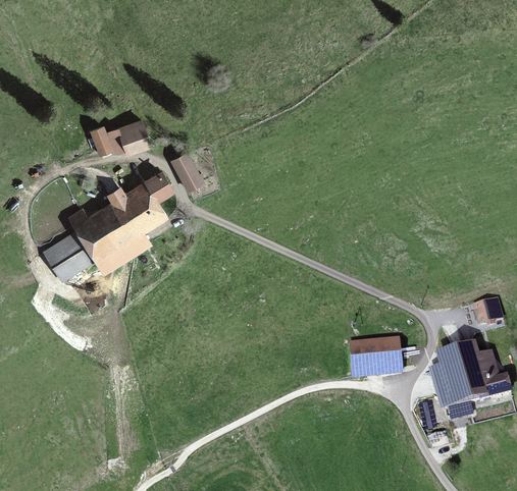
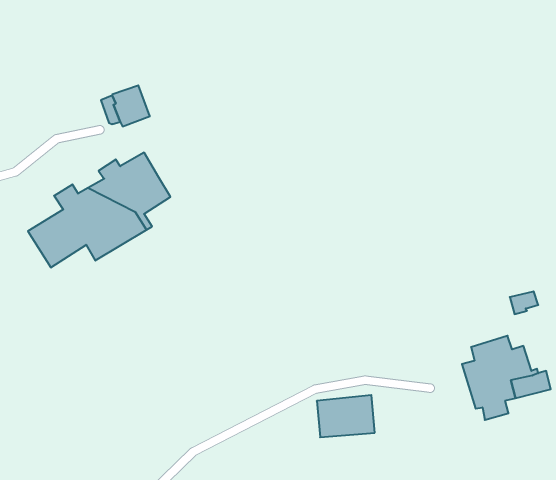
building: [90,125,112,155] -> none
building: [170,151,204,192] -> none
building: [146,169,174,201] -> none
building: [349,337,401,375] -> [317,395,375,437]

